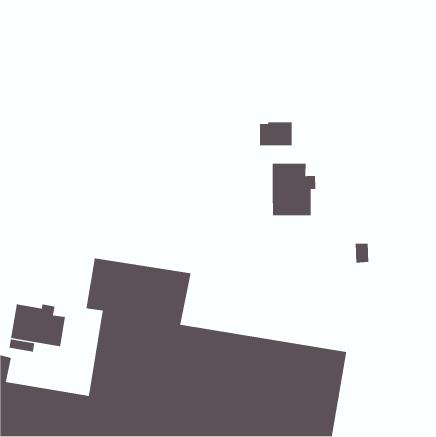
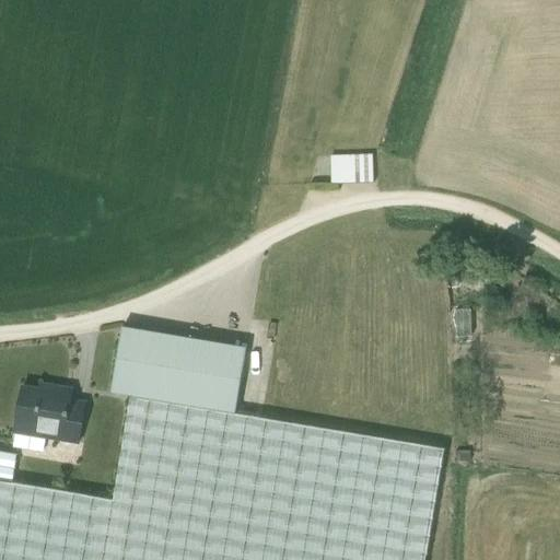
building: [272,163,316,216] -> none

